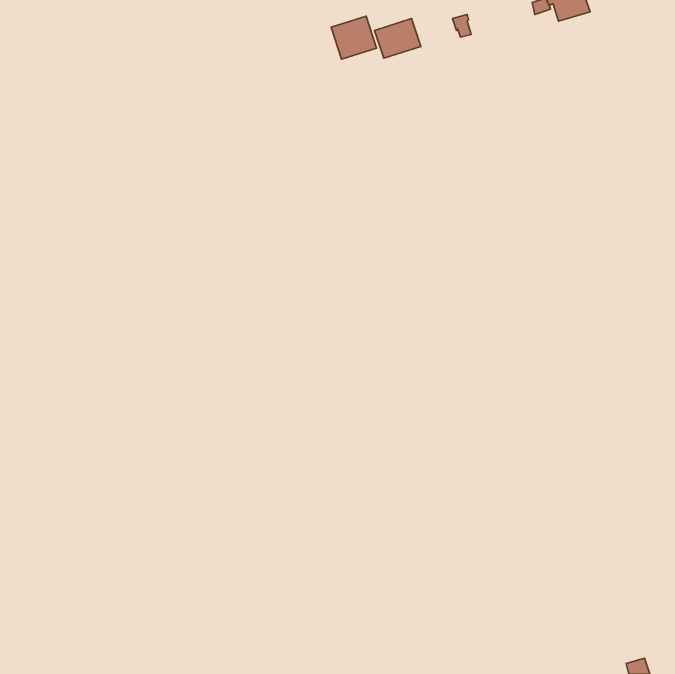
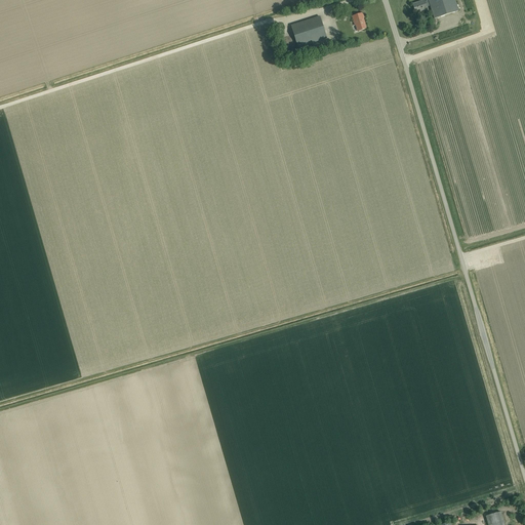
building: [331,16,376,59] -> none

